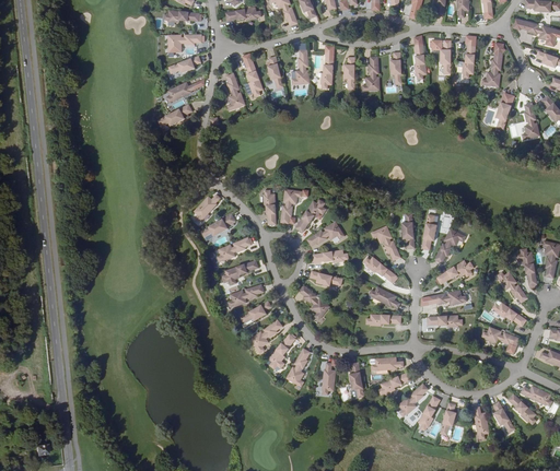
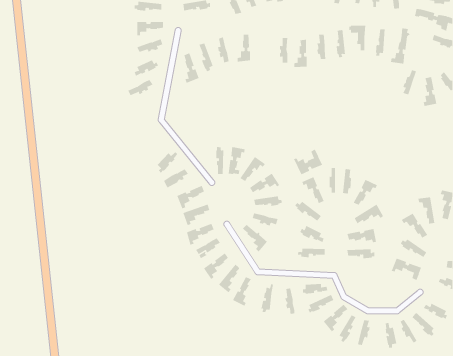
building: [317,45,335,89] -> none
building: none -> [293,148,323,175]

